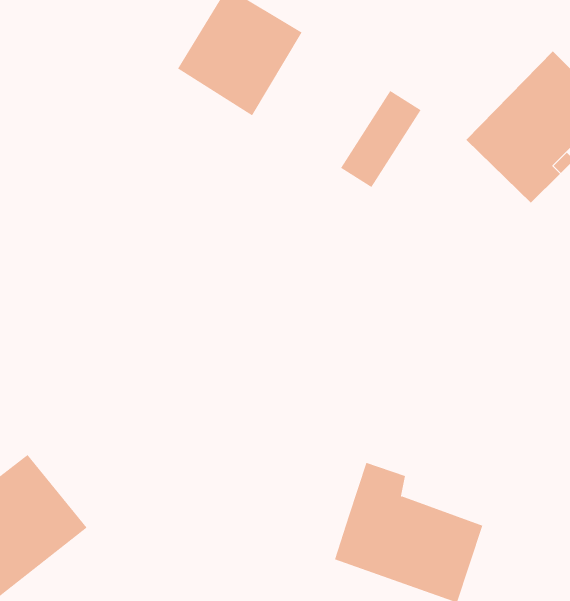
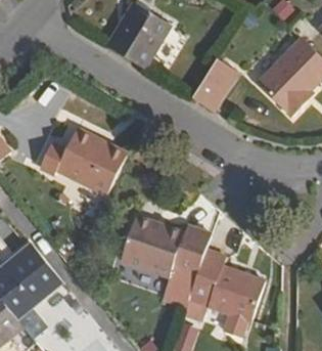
building: none -> [41,130,127,198]
building: none -> [121,216,211,277]

